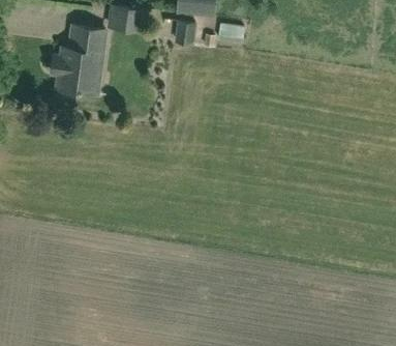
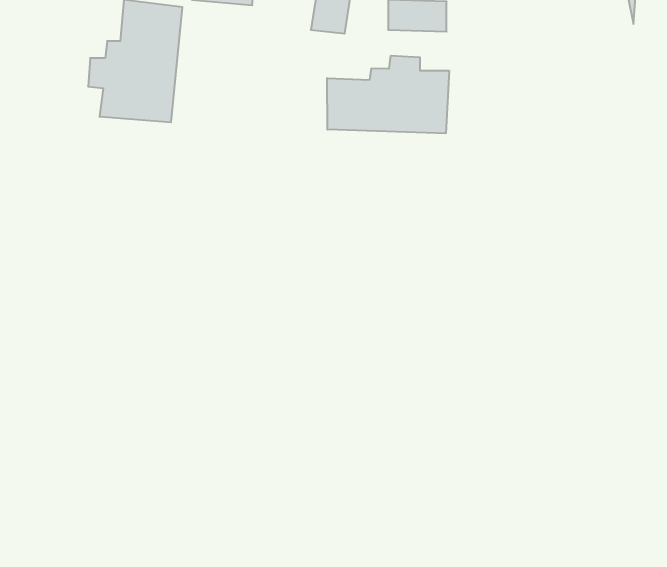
building: none -> [327,56,449,133]

